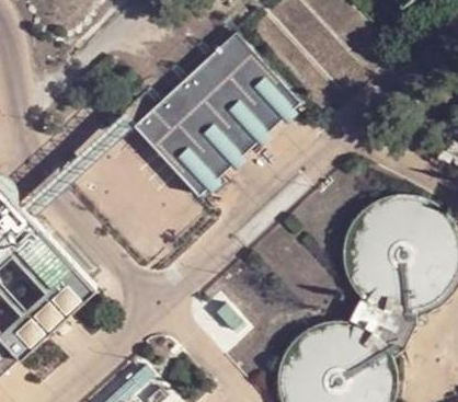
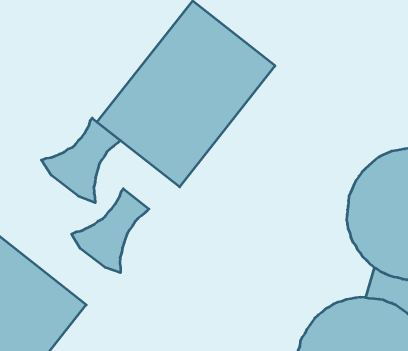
building: none -> [41,118,120,203]
building: none -> [72,189,149,273]

